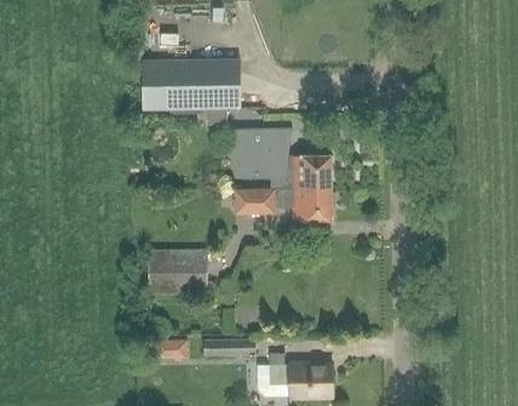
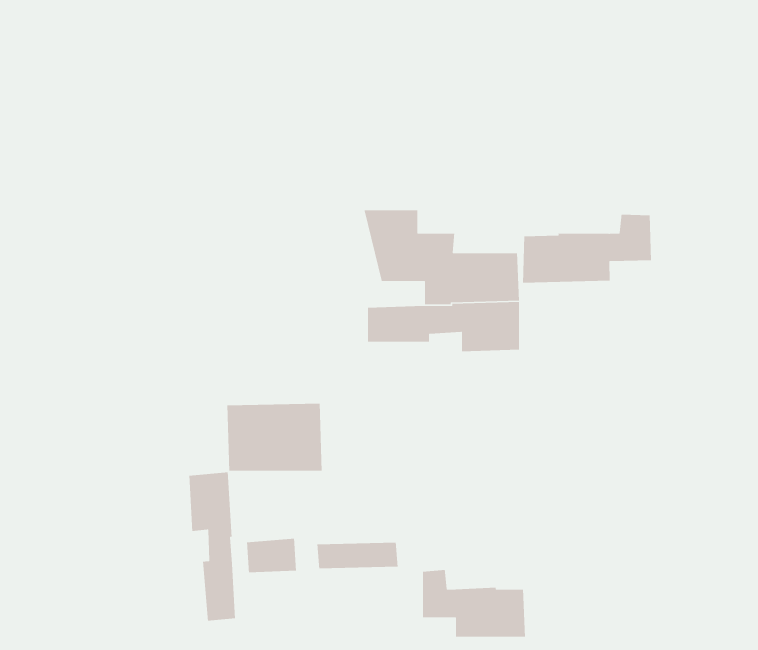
building: [142,57,240,109] -> none
building: none -> [522,214,652,284]
building: none -> [189,471,236,621]

